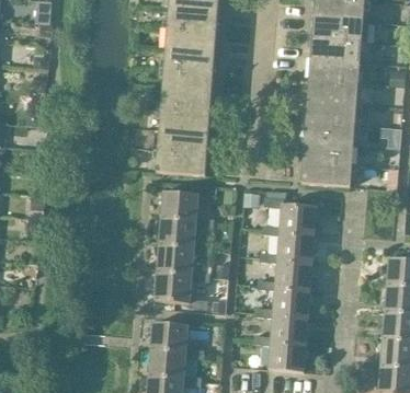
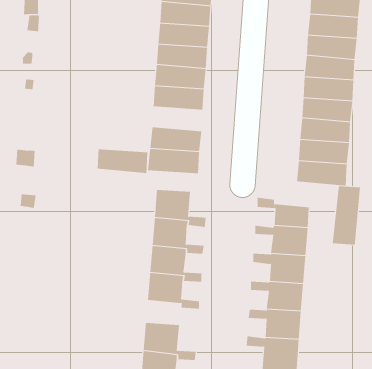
building: [160,108,210,132] -> [97,149,148,173]
building: none -> [332,186,360,246]

